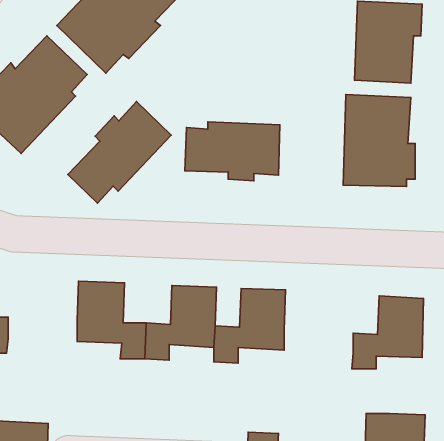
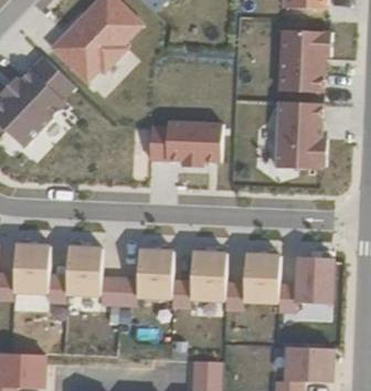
building: [68,101,171,203] -> none
building: none -> [13,242,66,302]
building: none -> [224,252,279,309]

